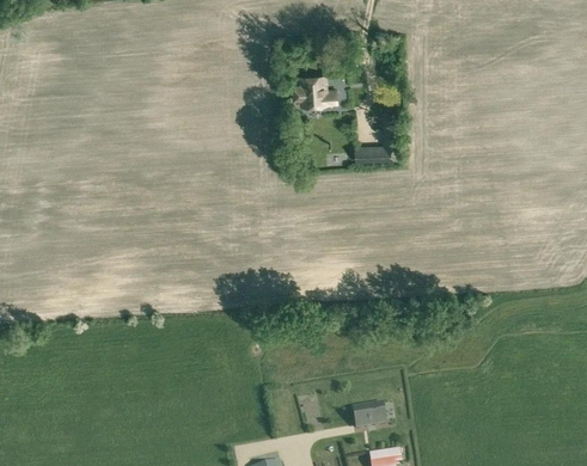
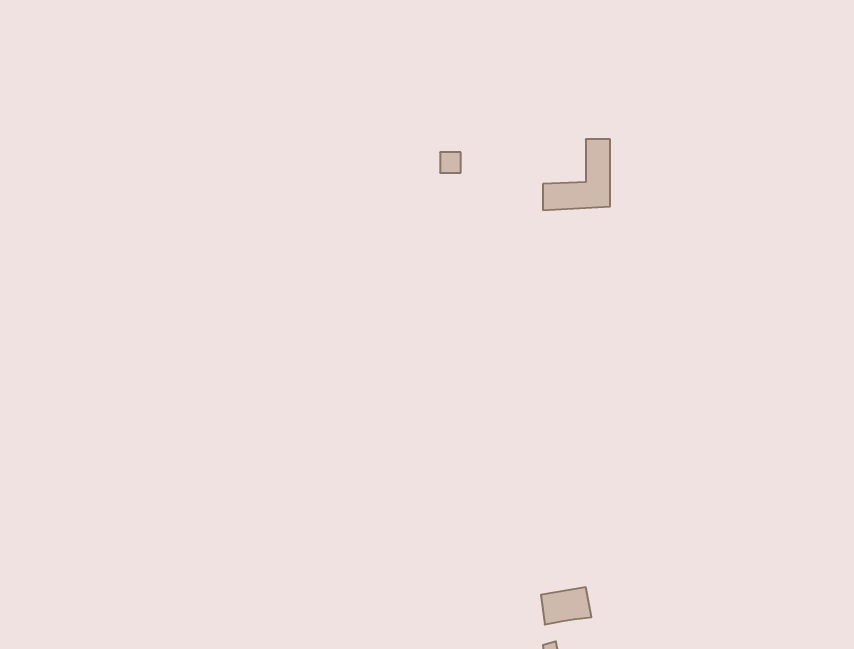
building: [292,75,337,105] -> none

